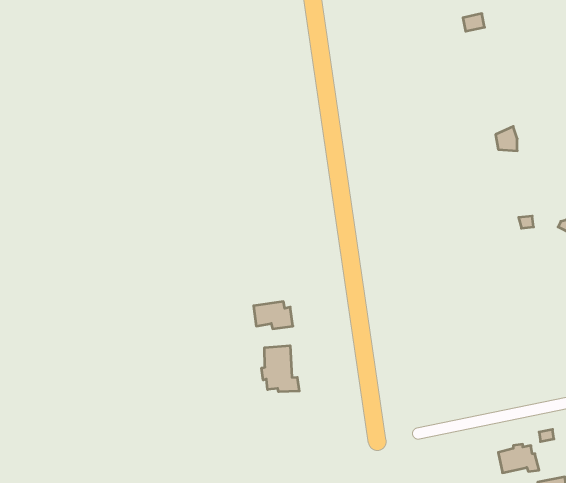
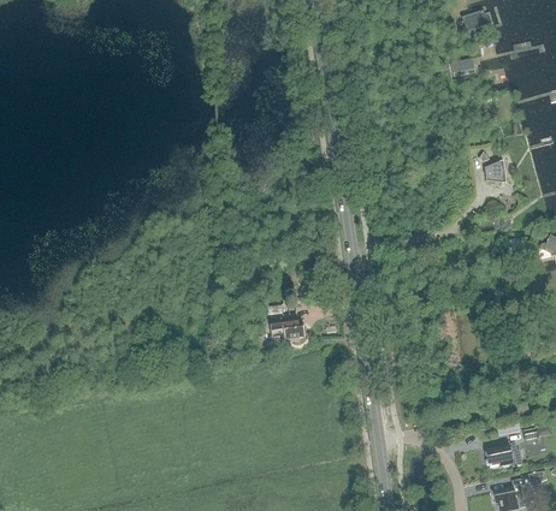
building: [262,346,299,392] -> none

